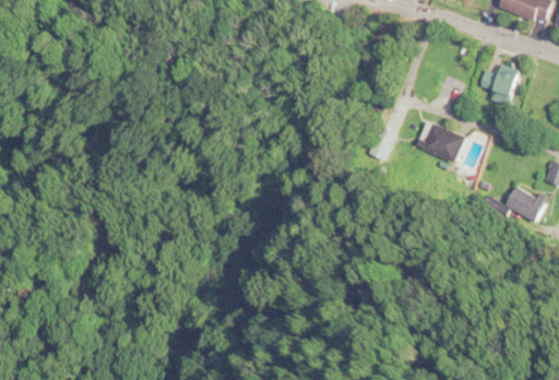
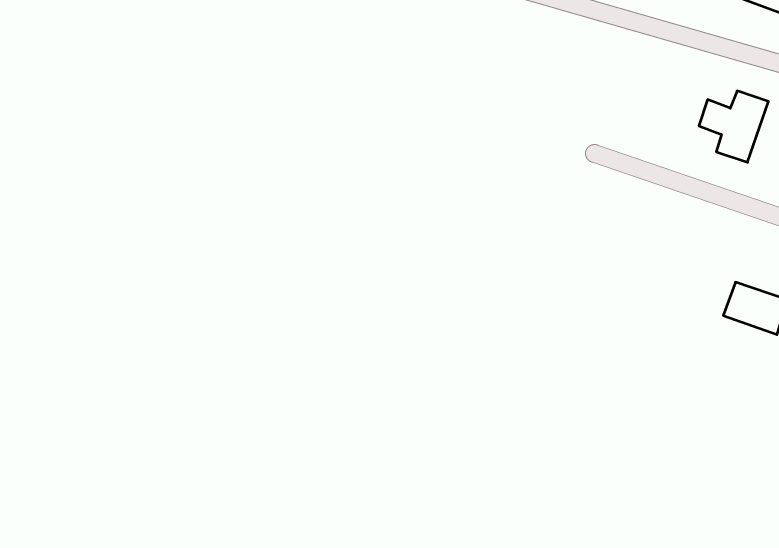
building: [406,120,453,159] -> none

